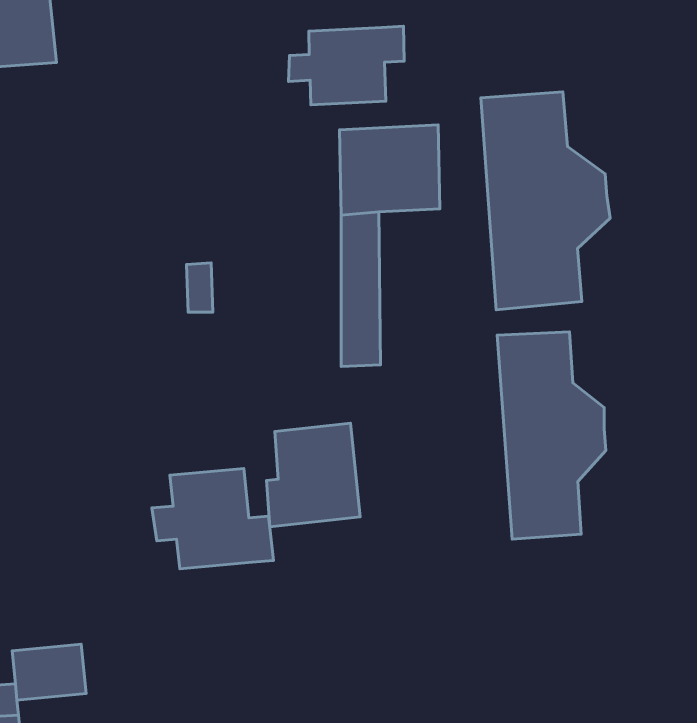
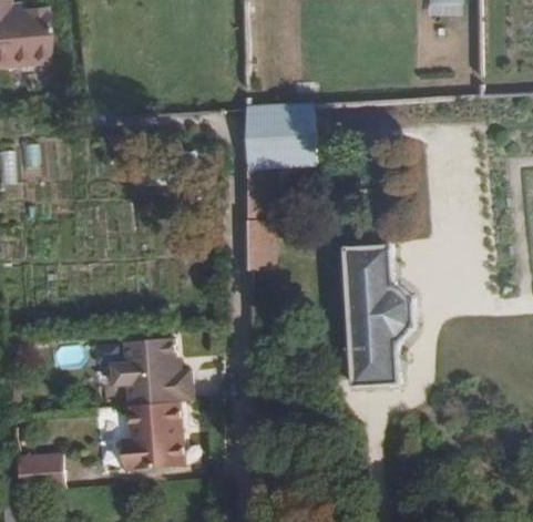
building: [289,26,404,105] -> none
building: [481,92,610,310] -> none
building: [267,423,360,527] -> [121,400,184,470]

